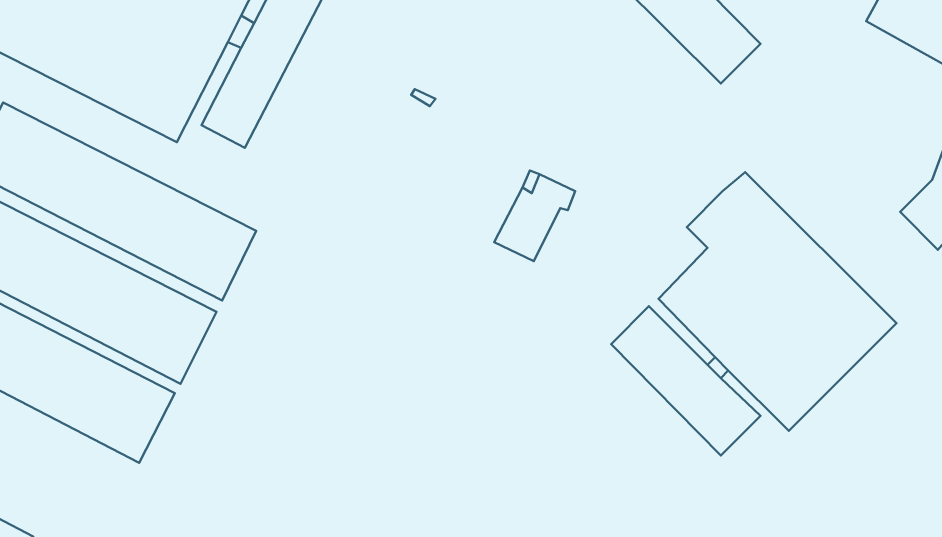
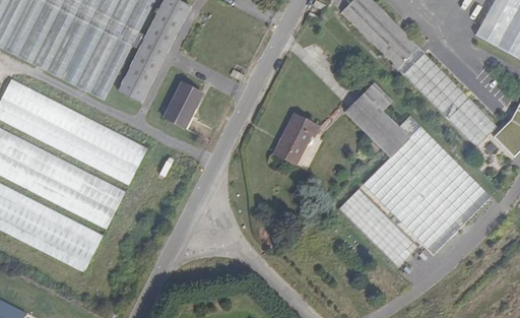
building: none -> [397,47,497,147]
building: none -> [164,82,202,129]
building: none -> [344,83,398,145]

